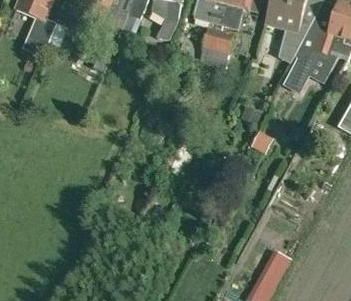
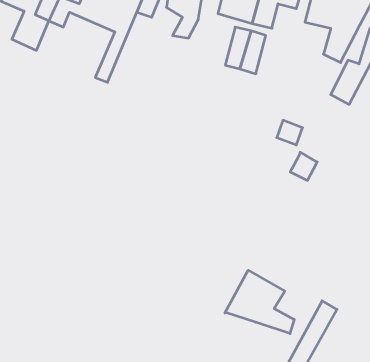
building: none -> [225,270,294,334]

